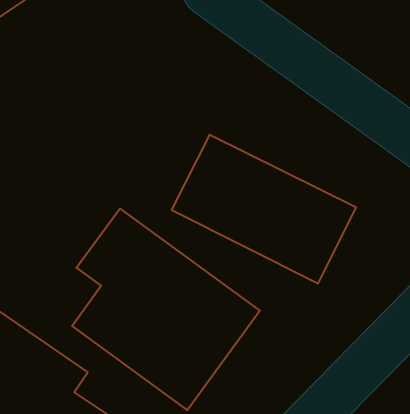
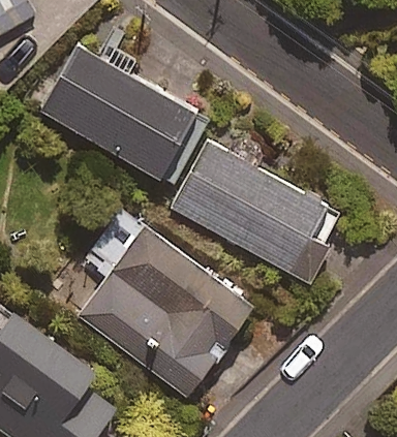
building: none -> [40,46,207,184]

